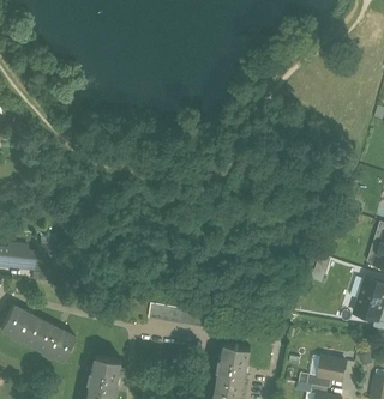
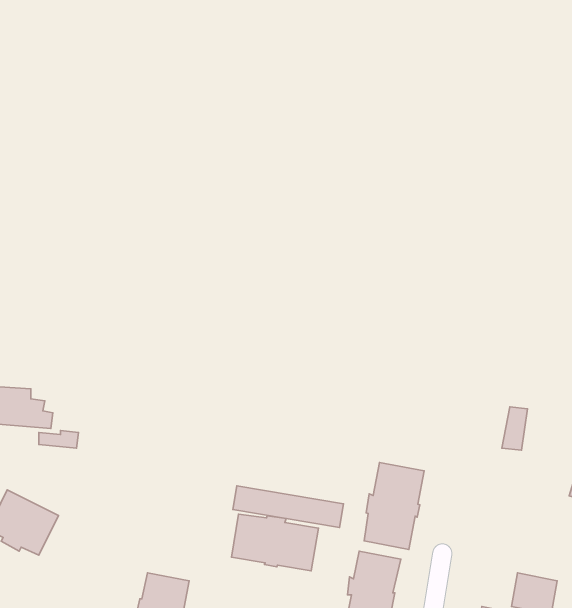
building: none -> [364,462,424,549]
building: none -> [232,514,318,571]
building: [31,321,73,361] -> none

